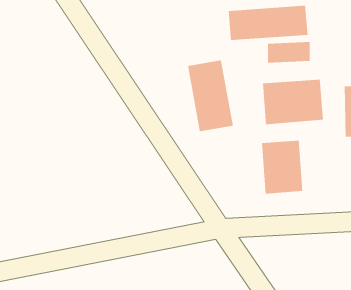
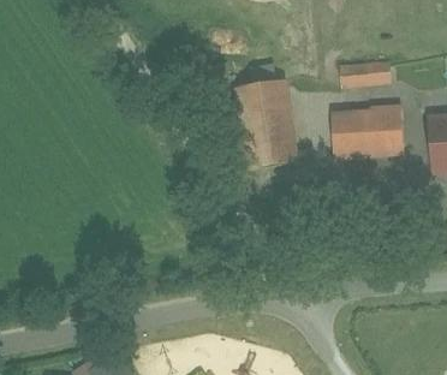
building: [228,5,308,41] -> none
building: [261,140,303,194] -> none

